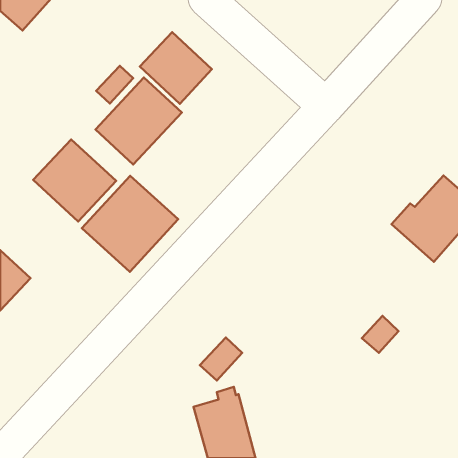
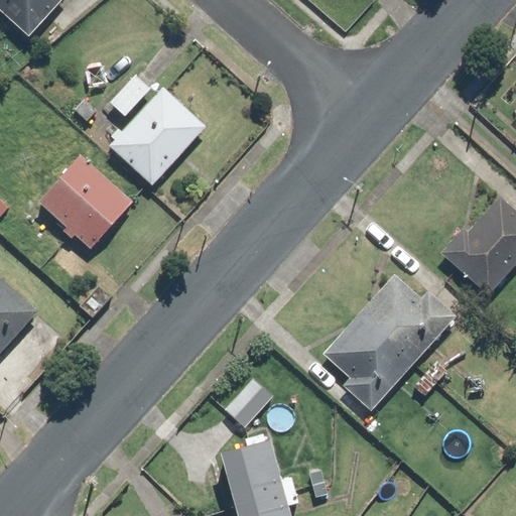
building: [140,32,212,104] -> none
building: [82,176,178,272] -> none
building: none -> [322,275,456,410]

